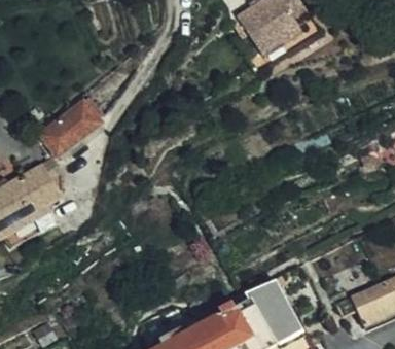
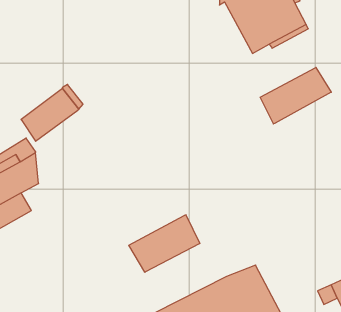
building: none -> [260,67,331,124]
building: none -> [129,215,200,272]

